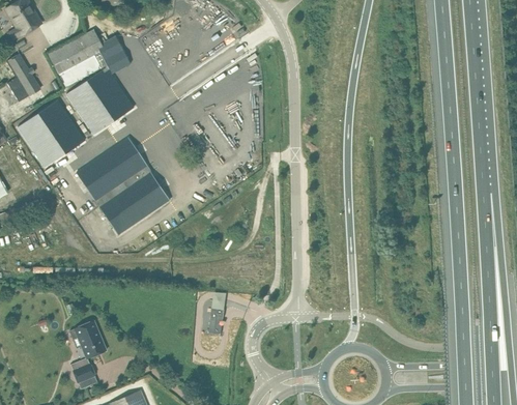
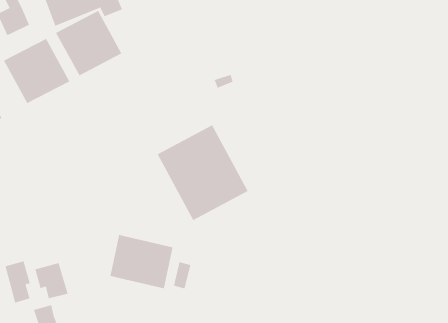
building: [76,138,170,235] -> [157,125,248,221]
building: none -> [110,234,173,289]
building: none -> [5,260,30,304]

